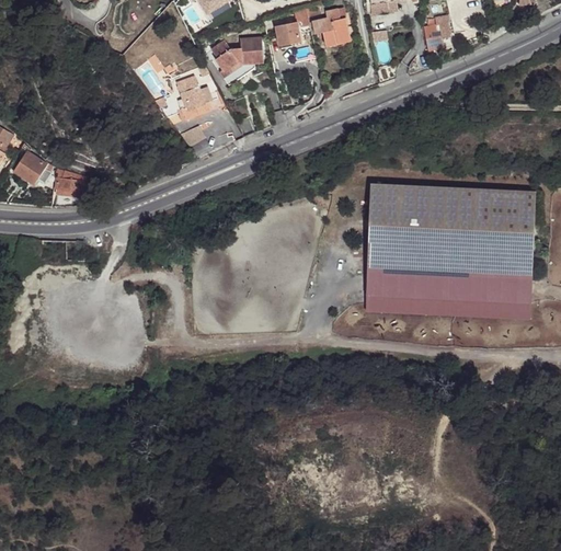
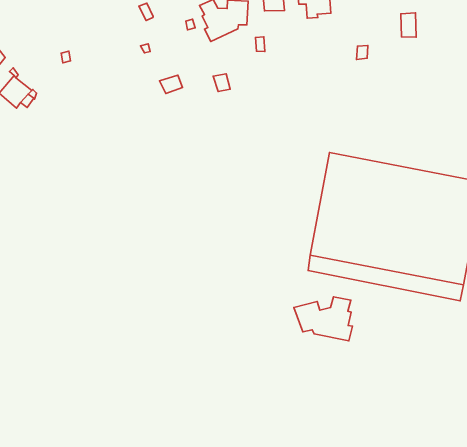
building: [176,74,211,118] -> none
building: [55,170,88,192] -> none
building: none -> [294,297,352,341]

